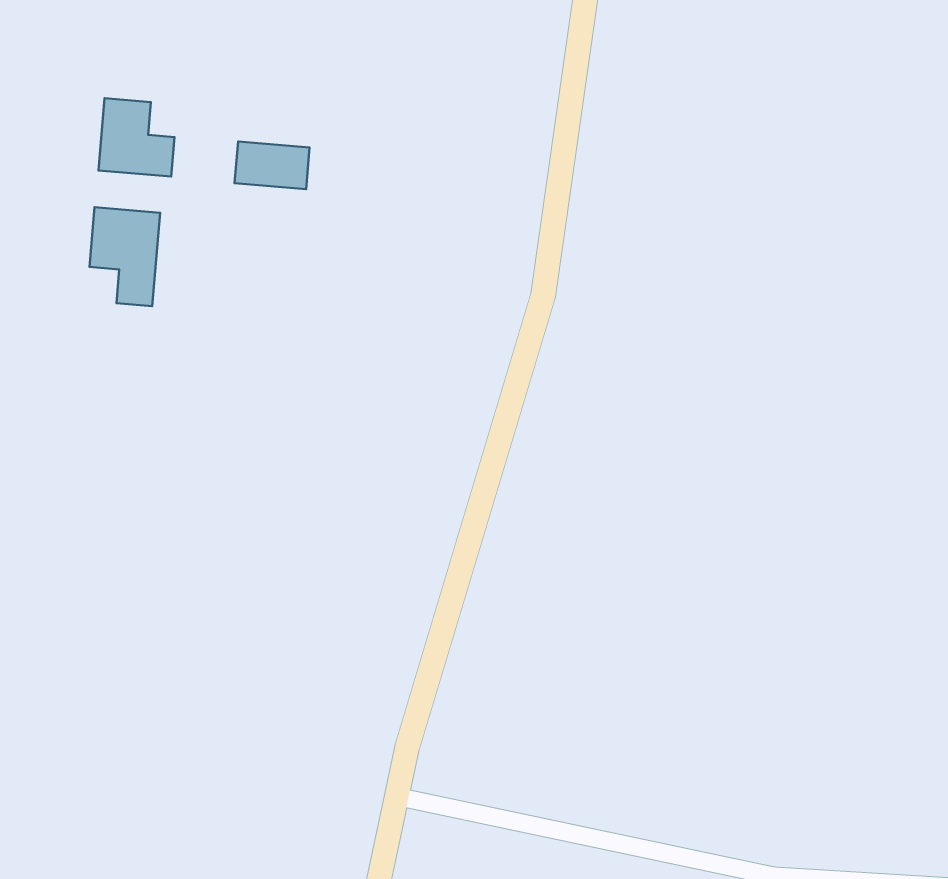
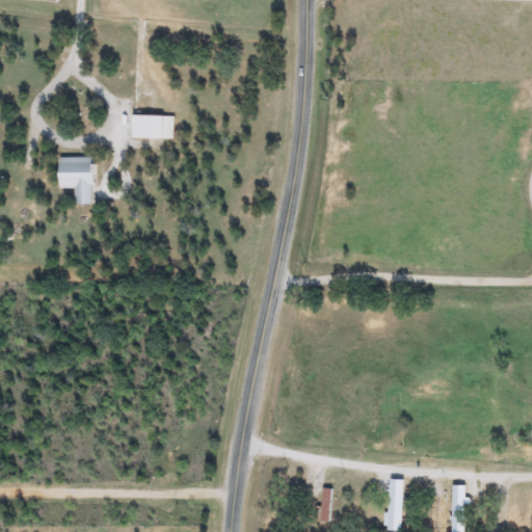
building: [98,98,174,177] -> none

